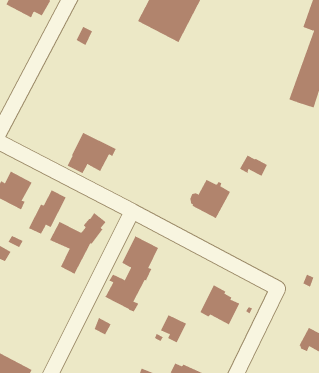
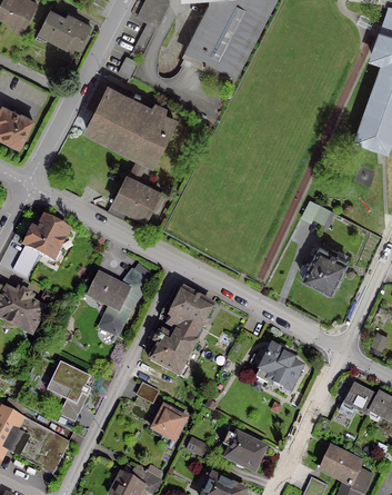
building: none -> [87,85,174,161]
building: [189,179,231,219] -> [300,246,346,290]
building: [28,189,66,235] -> none
building: none -> [51,364,91,418]
building: [160,315,187,343] -> [155,406,185,438]
building: none -> [339,385,379,416]

